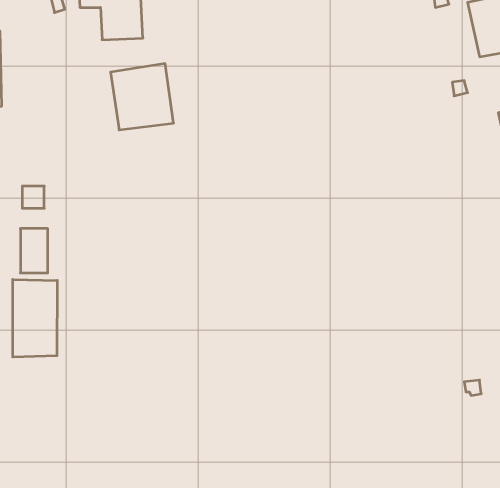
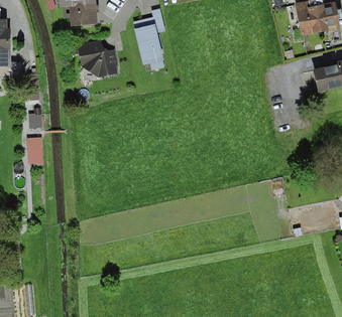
building: none -> [134,9,167,64]
building: [13,279,57,357] -> none

